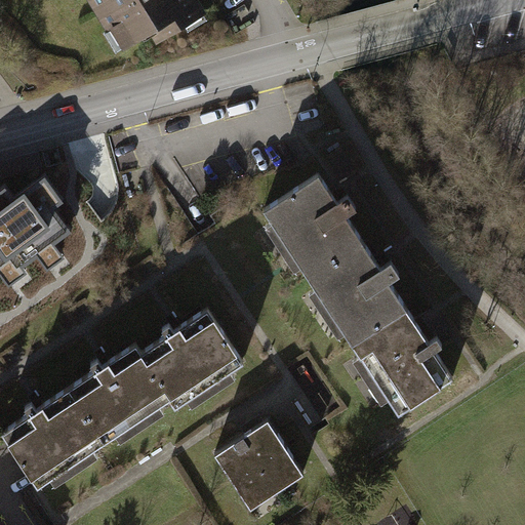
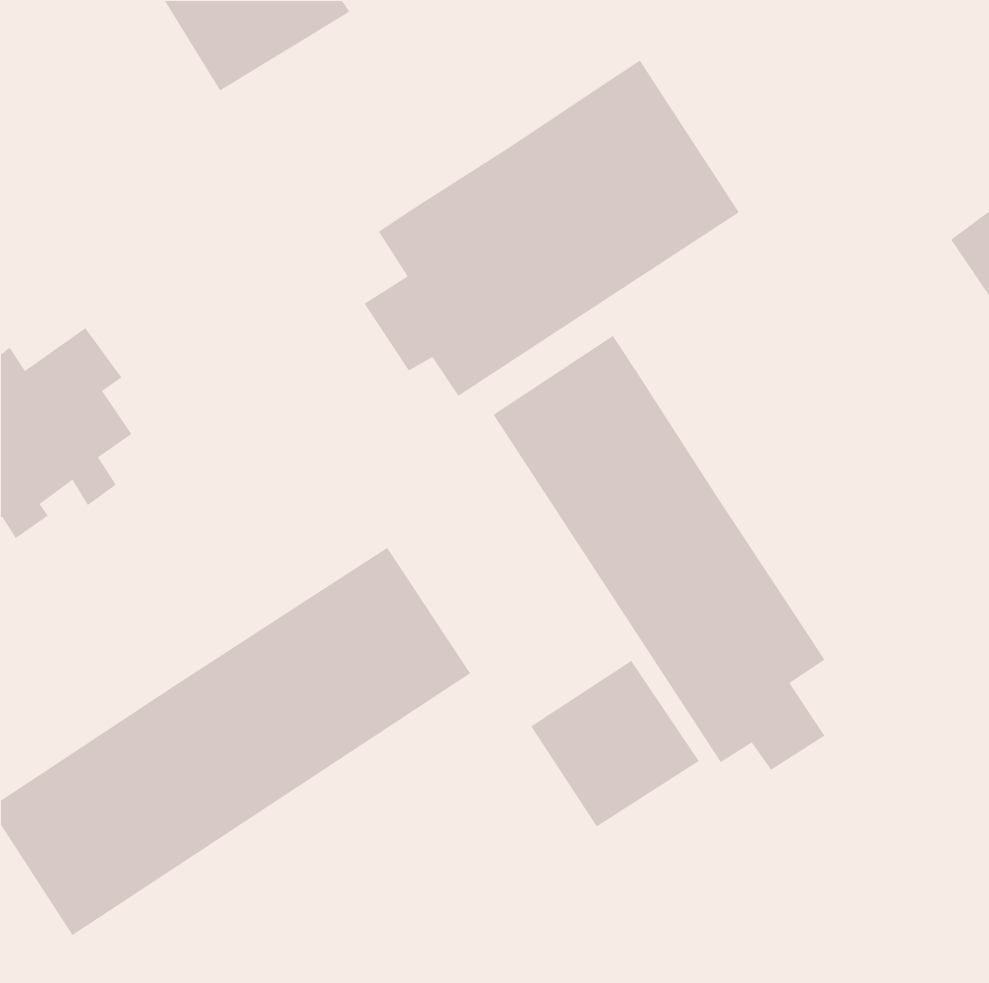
building: none -> [363,59,740,397]
building: [214,417,304,506] -> [530,660,700,827]

